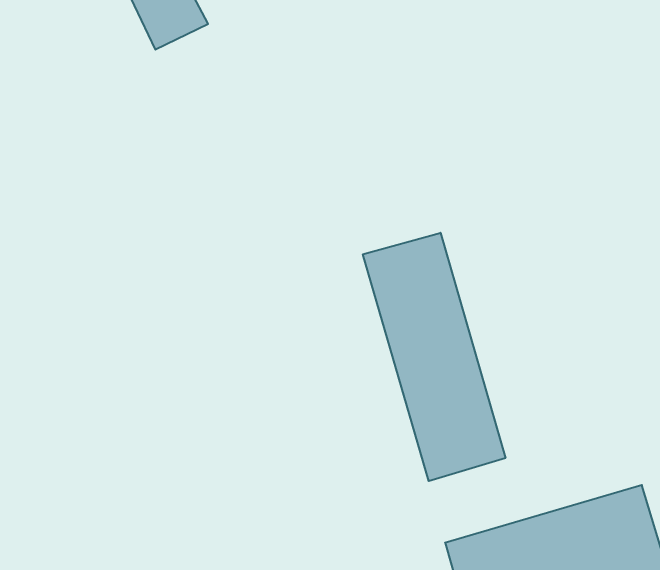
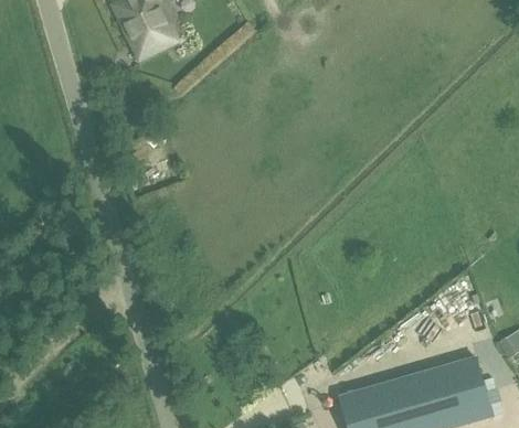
building: [363,233,505,481] -> none

